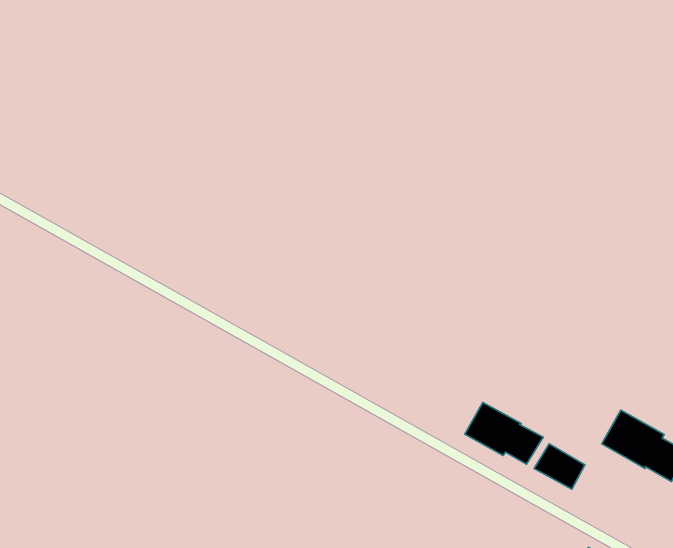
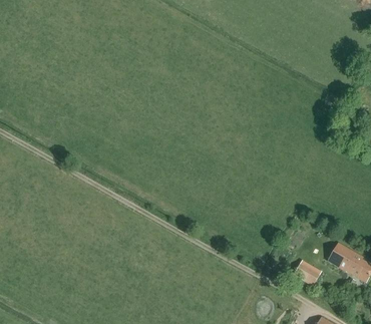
building: [465,403,543,464] -> none

